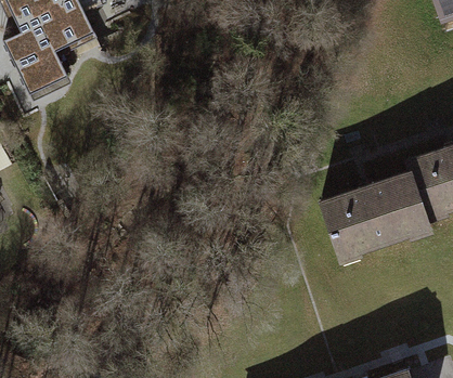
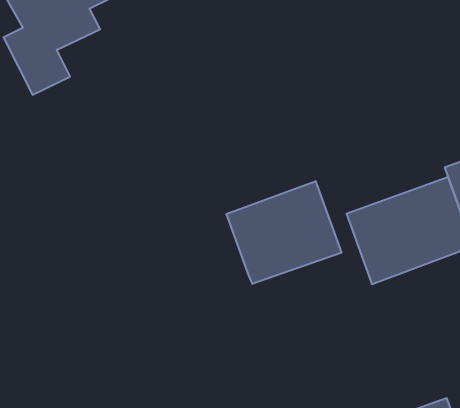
building: none -> [226,181,341,284]

